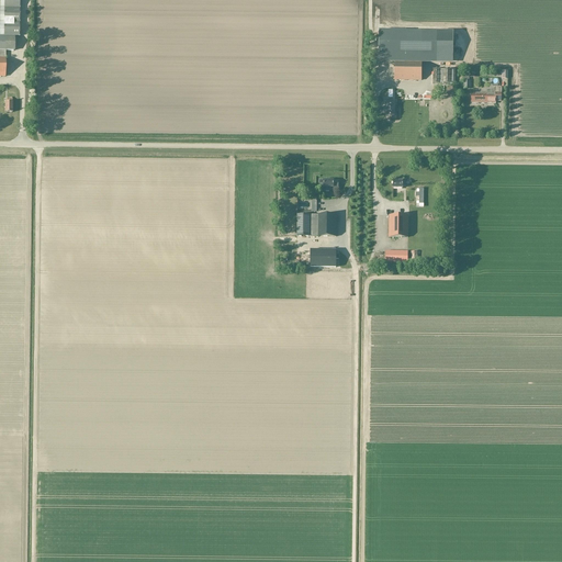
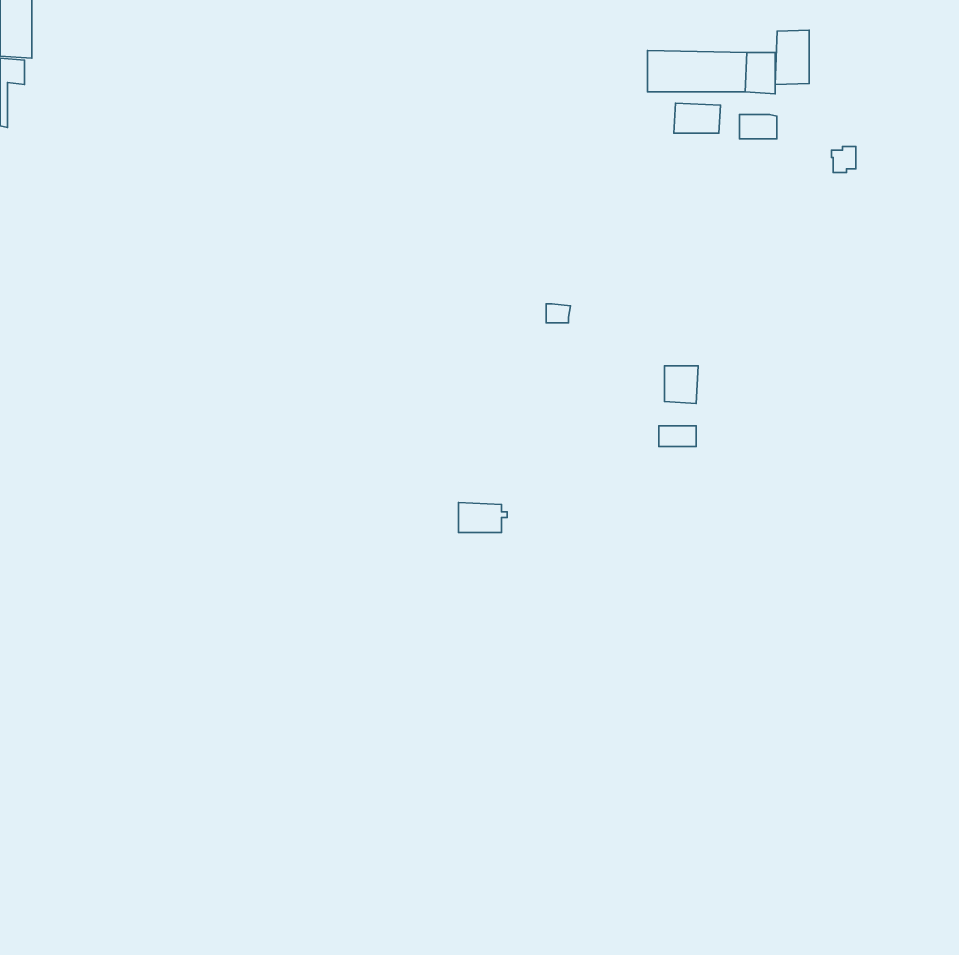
building: none -> [775,30,809,84]
building: [296,213,336,235] -> none
building: [311,248,339,266] -> [458,503,507,533]

